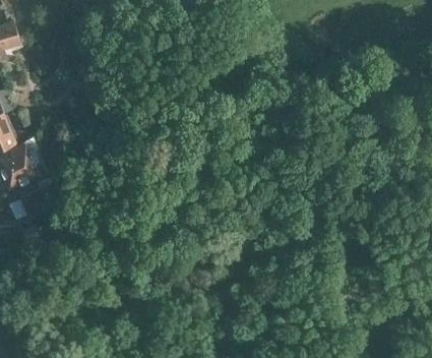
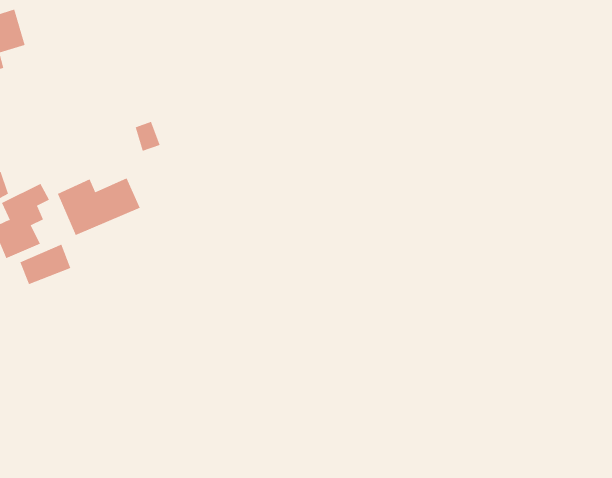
building: none -> [57,178,141,236]

